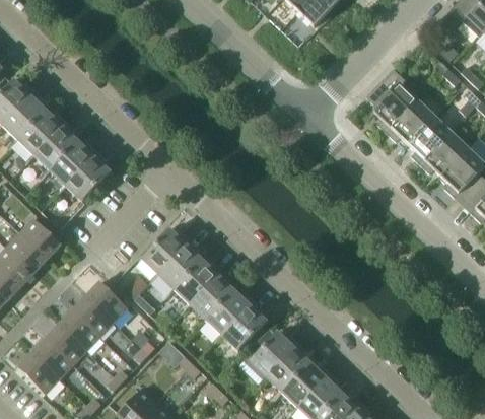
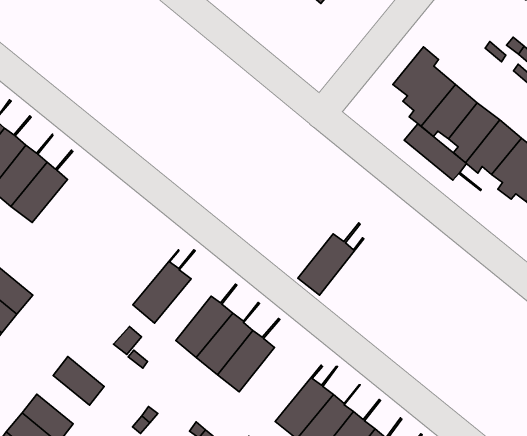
building: none -> [404,124,481,191]
building: [65,146,122,202] -> none
building: [157,234,212,290] -> none
building: [85,282,127,323] -> none
building: [221,295,277,351] -> [298,223,364,295]
building: [58,310,99,351] -> none

